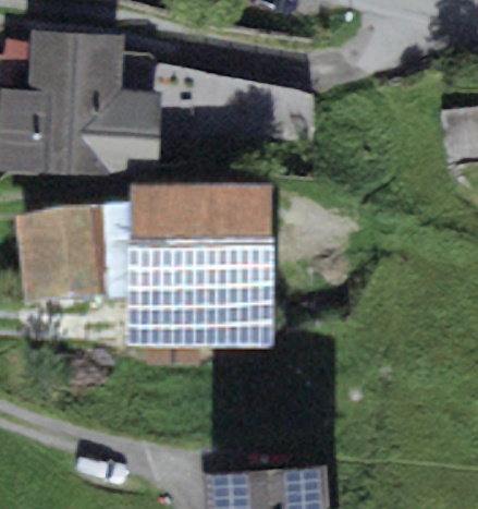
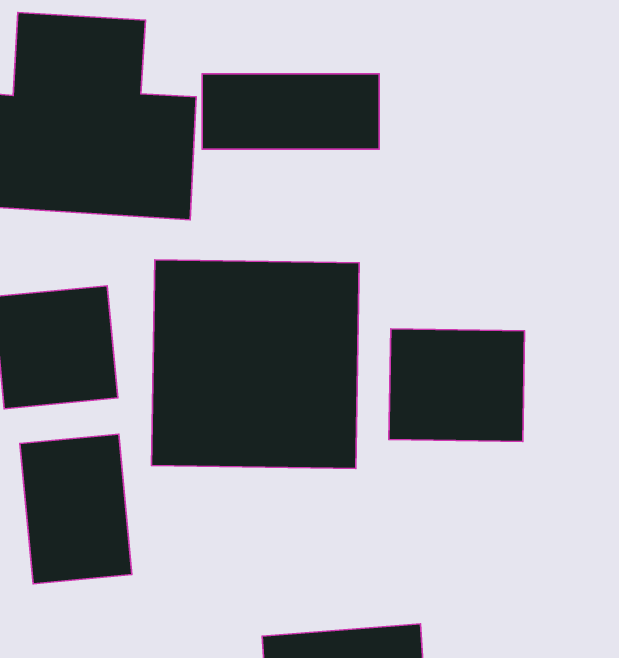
building: none -> [389,329,525,441]
building: none -> [20,434,132,584]

